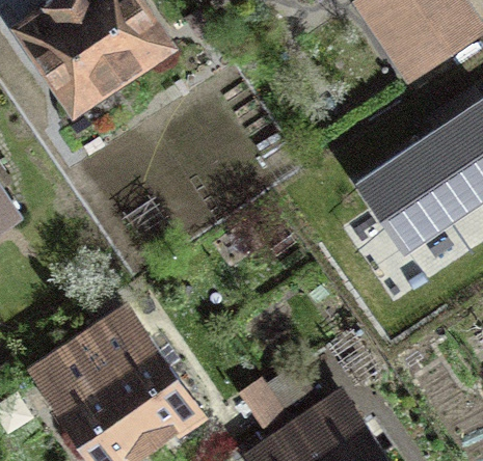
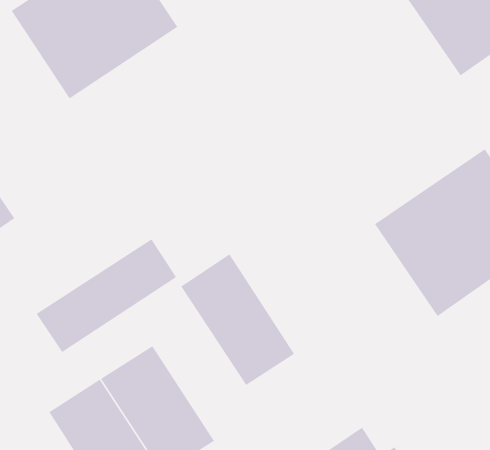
building: none -> [36,239,177,353]
building: none -> [181,254,295,386]

